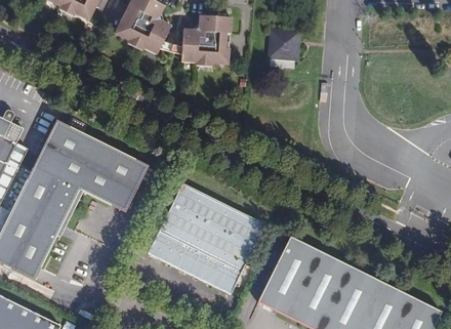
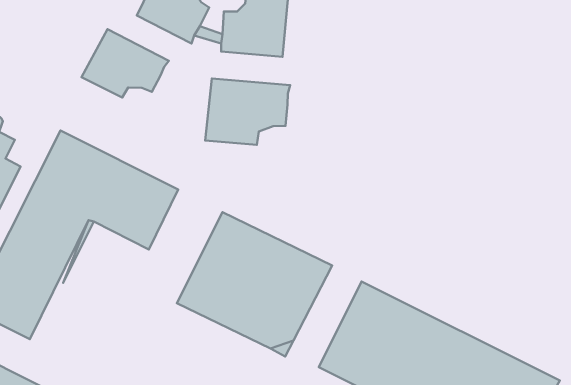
building: [270,29,299,67] -> none
building: none -> [82,29,169,98]
building: none -> [205,78,290,145]

